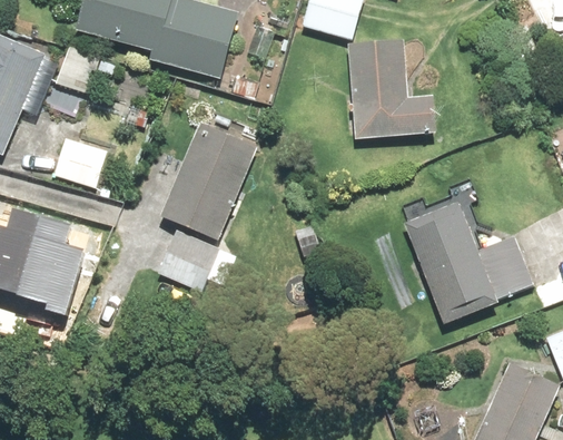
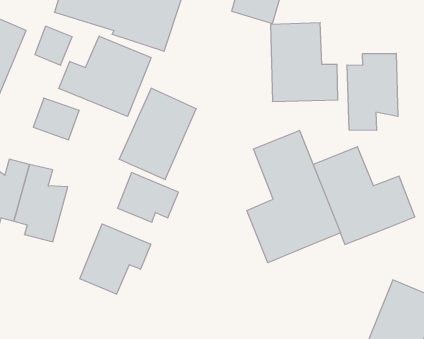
building: none -> [59,36,151,116]
building: none -> [347,53,398,130]
building: none -> [247,130,340,263]
building: none -> [80,224,151,294]

